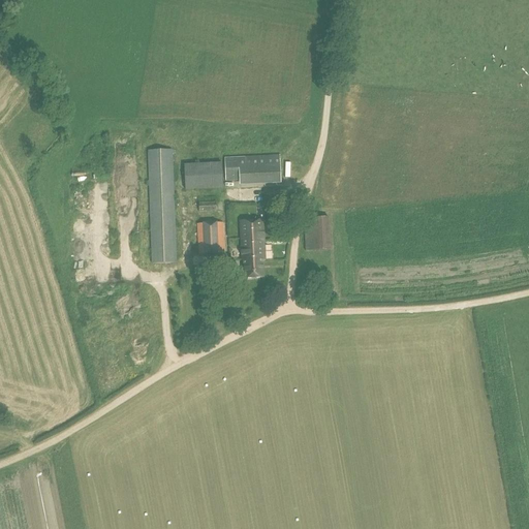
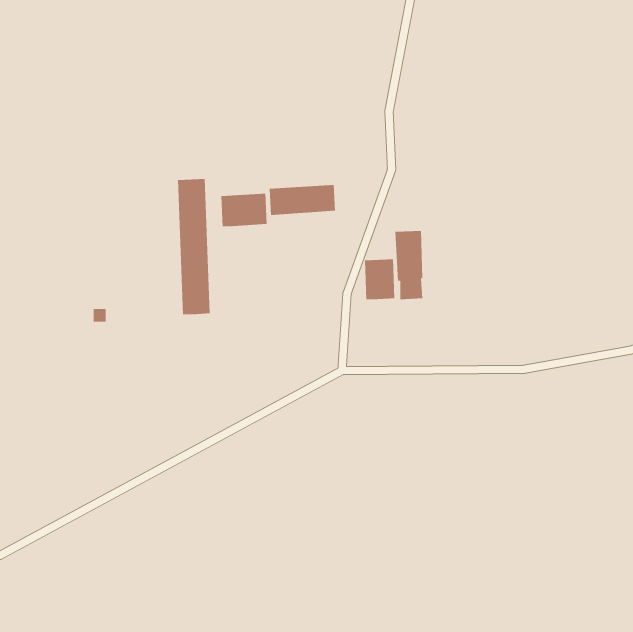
building: [240,219,263,277] -> [395,230,423,300]
building: [197,221,224,253] -> none

